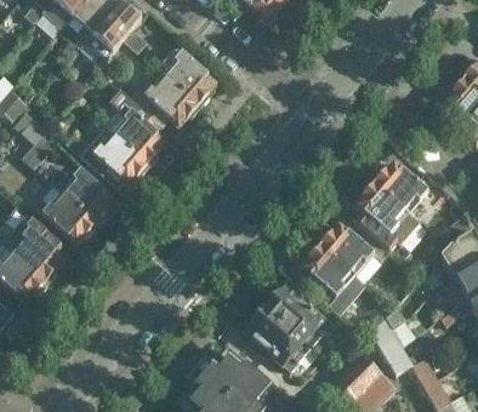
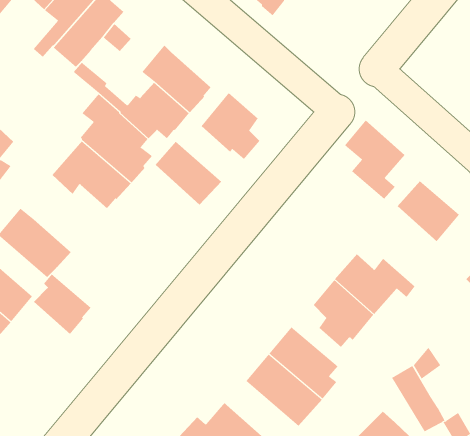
building: none -> [201,92,260,160]
building: none -> [155,141,222,206]
building: [66,168,115,221] -> [33,273,92,335]
building: [355,182,408,250] -> [344,120,405,200]

